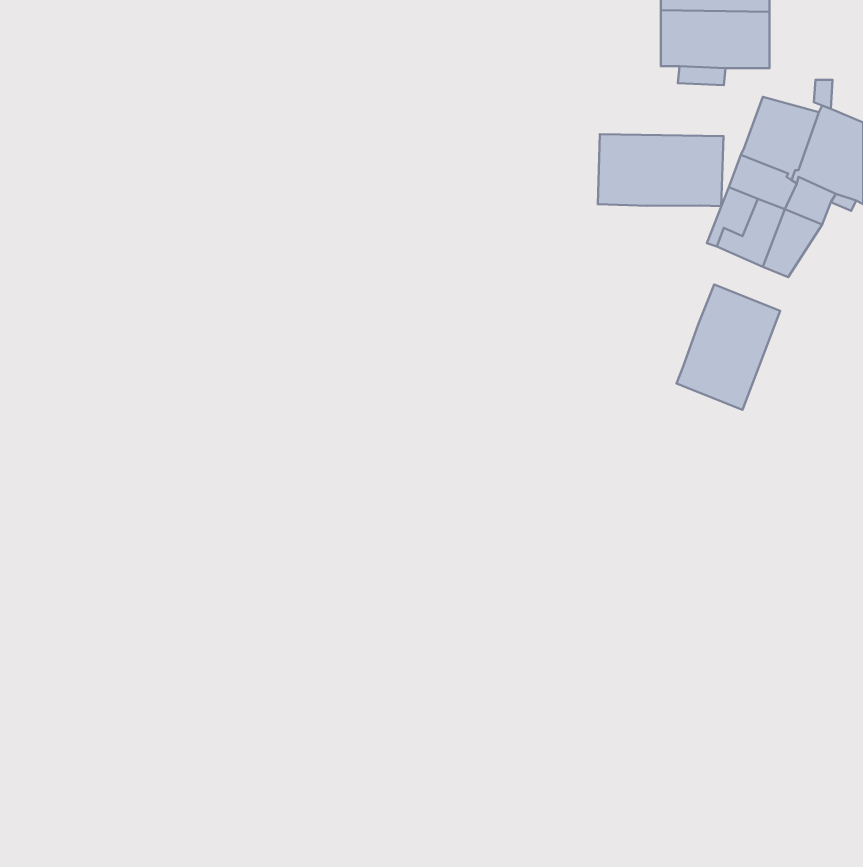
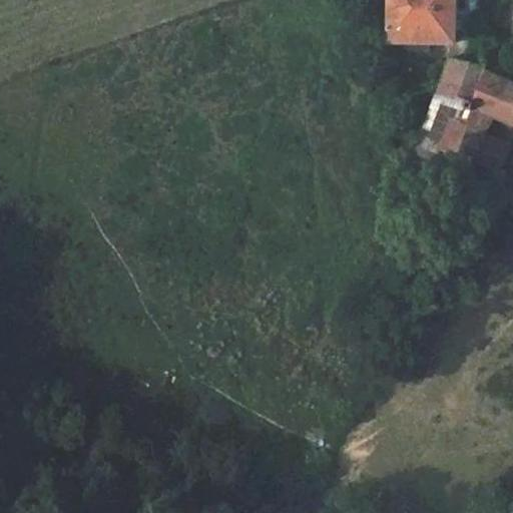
building: [598,134,723,206] -> none
building: [676,285,780,410] -> none

